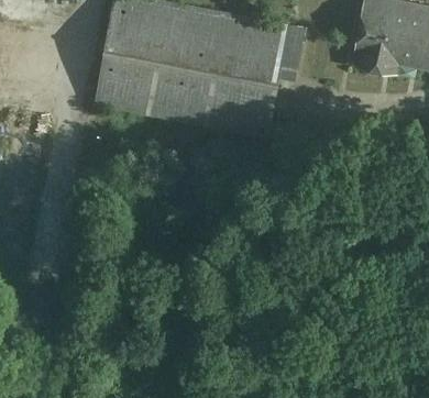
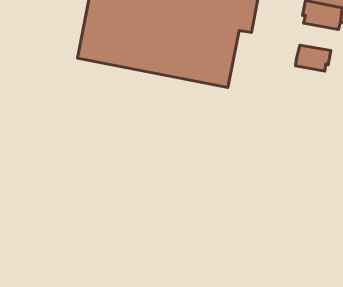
building: none -> [296,45,331,71]

